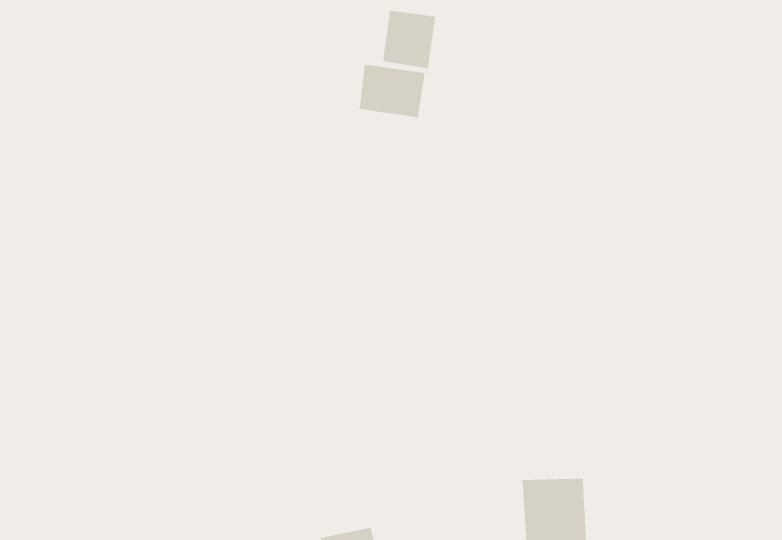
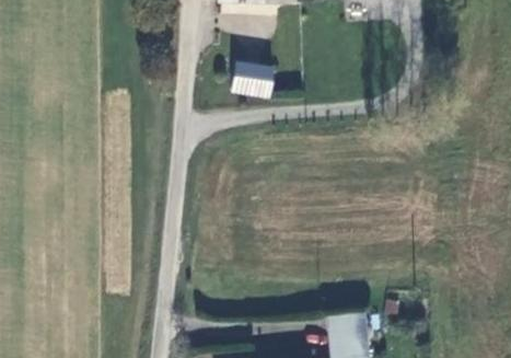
building: [382,10,436,69] -> none

